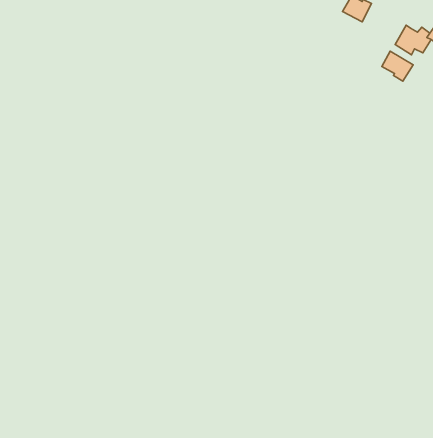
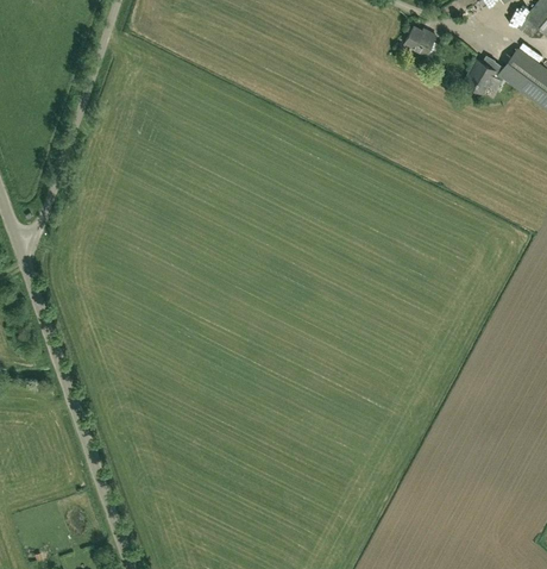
building: [382,51,413,81] -> none

